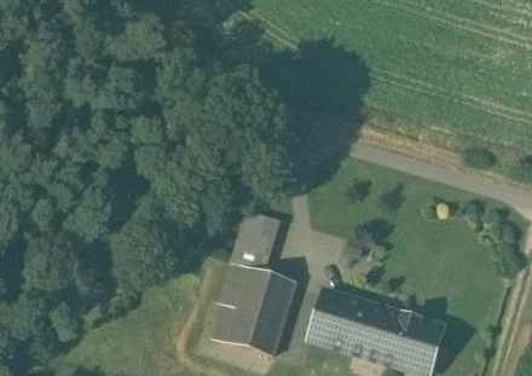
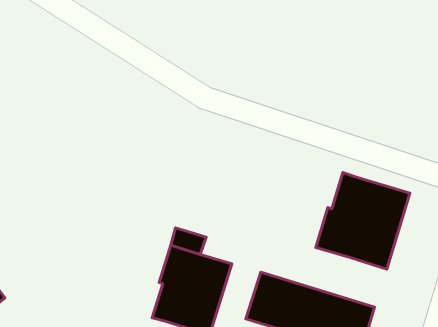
building: none -> [316,173,410,269]
building: [236,210,277,253] -> none

